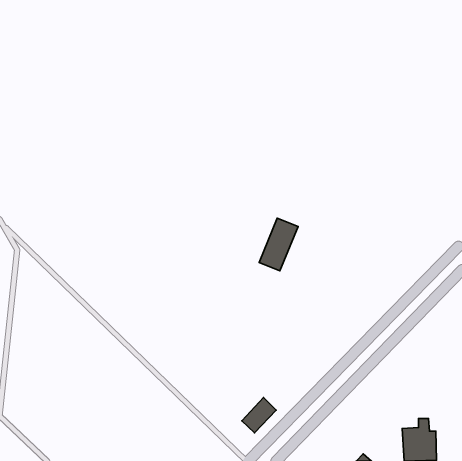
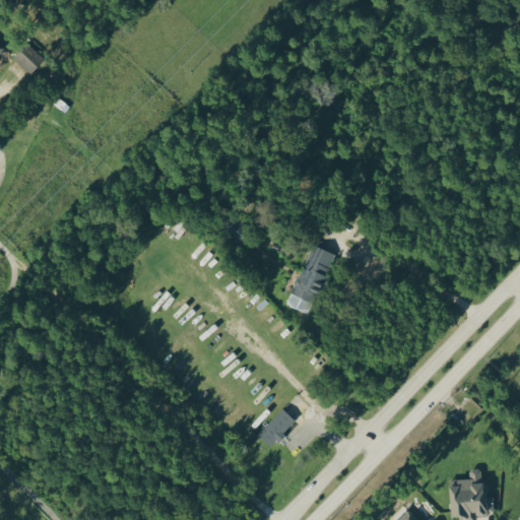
building: none -> [13,45,44,75]
building: [242,397,276,433] -> [258,408,297,448]

